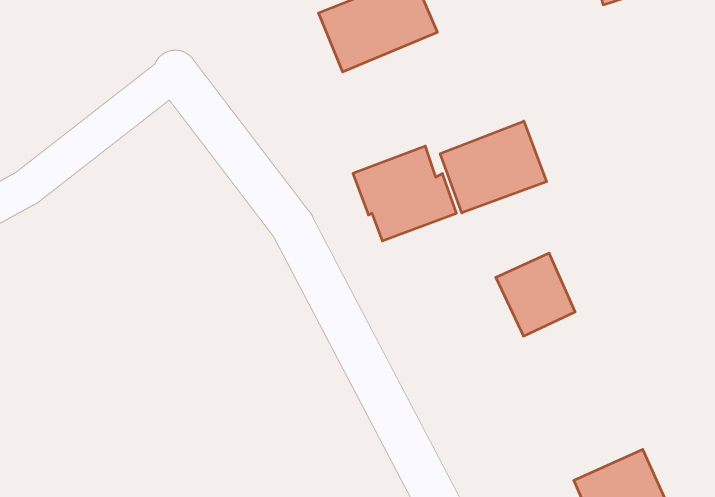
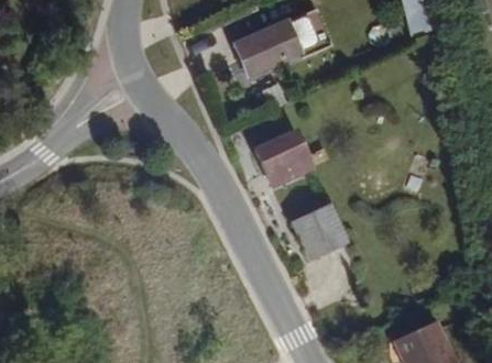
building: [440,121,547,213] -> none
building: [496,253,575,336] -> [294,206,345,259]

